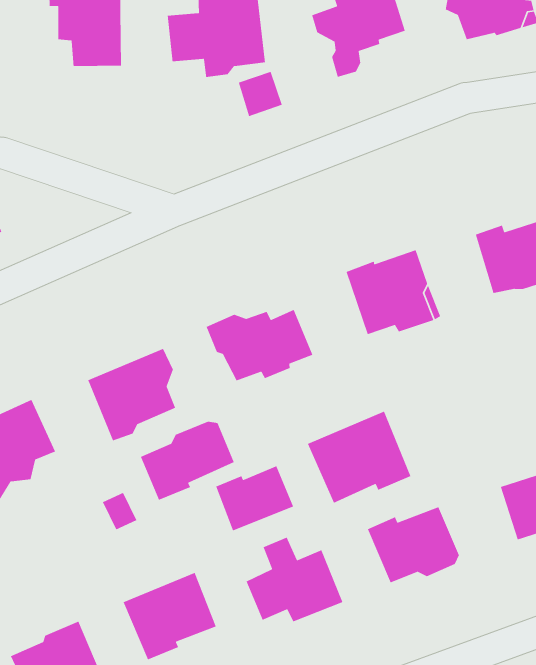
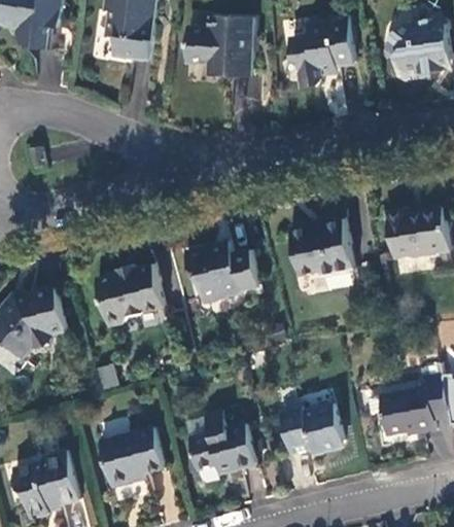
building: [307,410,412,504] -> none
building: [140,421,235,501] -> none
building: [215,465,294,532] -> none

